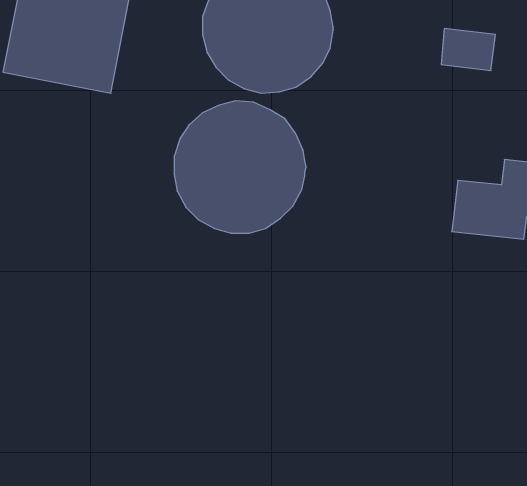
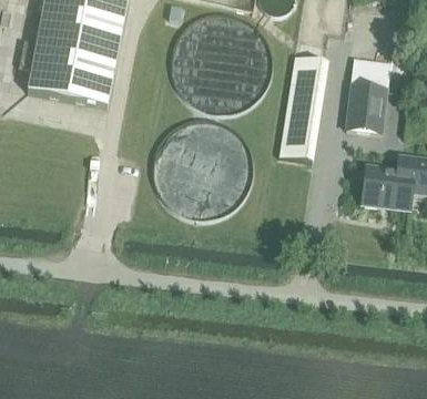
building: none -> [277,57,328,162]
building: none -> [345,84,387,131]

